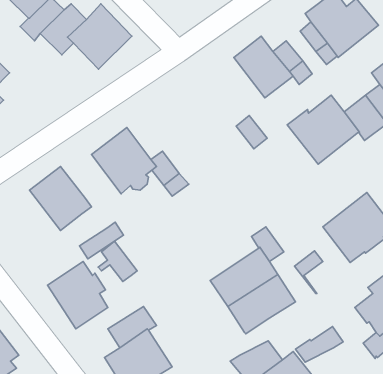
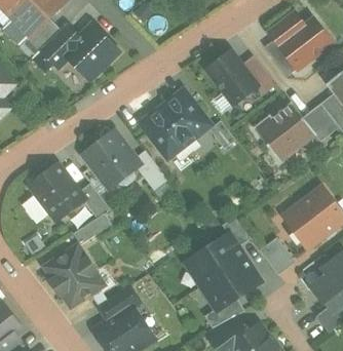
building: none -> [143,92,208,155]
building: [98,241,137,281] -> [76,183,110,218]
building: [296,327,343,362] -> [204,297,245,327]

